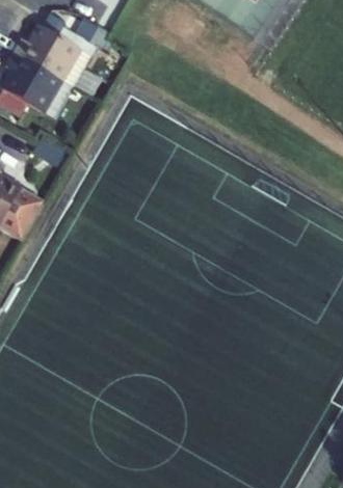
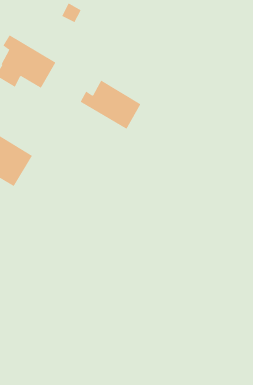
building: [14,23,89,84] -> [80,80,141,129]

